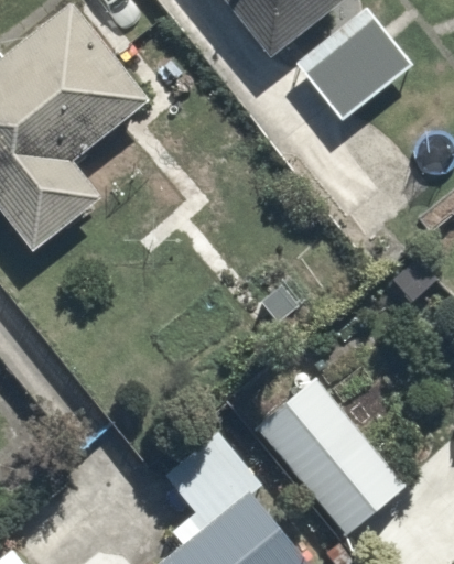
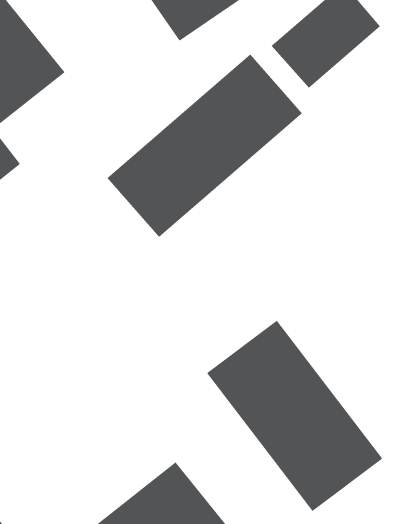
building: none -> [106,53,303,238]

